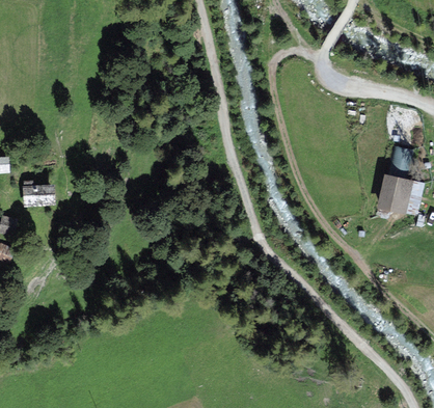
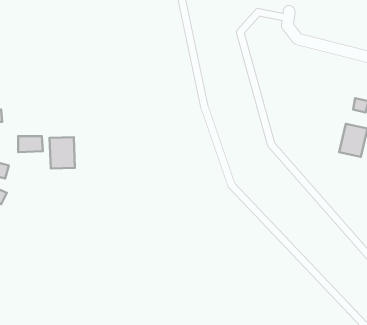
building: none -> [50,137,75,168]

